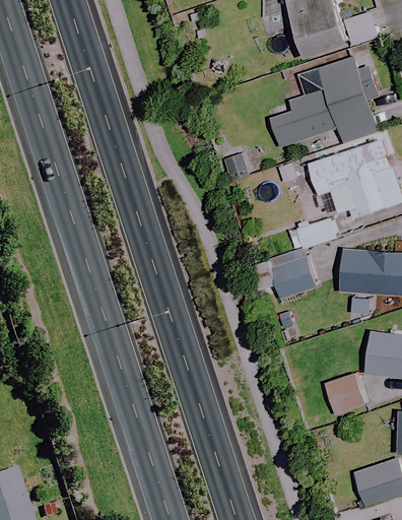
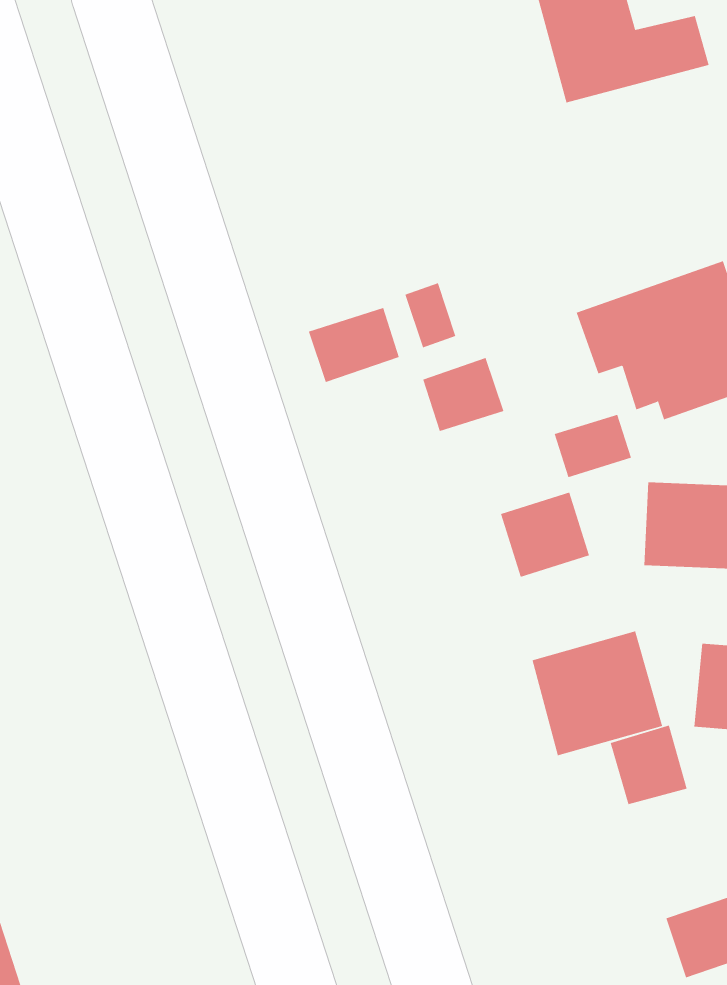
building: [269,56,378,147] -> none
building: none -> [308,307,399,383]
building: none -> [423,357,504,432]
building: none -> [532,631,663,756]

